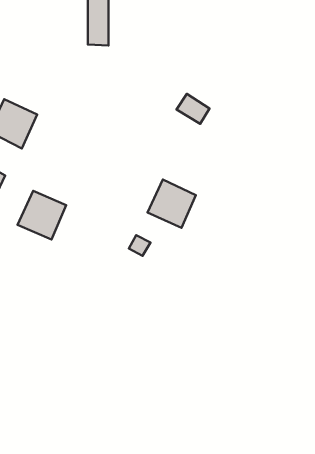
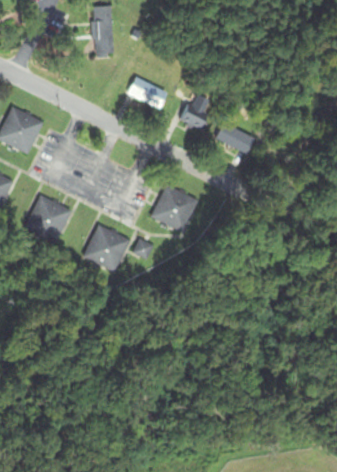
building: none -> [128,76,168,109]
building: none -> [216,121,256,153]
building: none -> [82,223,130,271]

